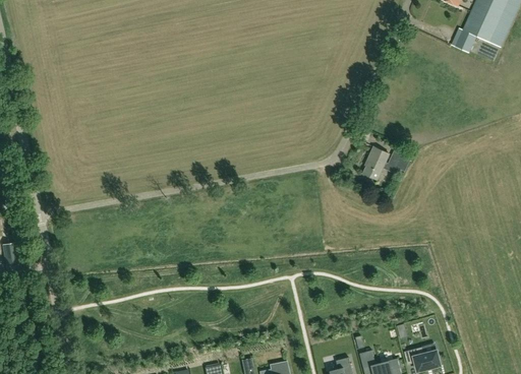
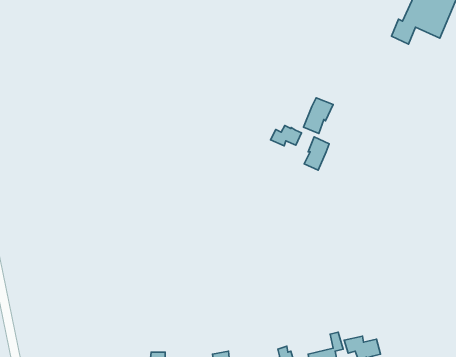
building: none -> [303,98,333,134]
building: none -> [270,126,302,146]

